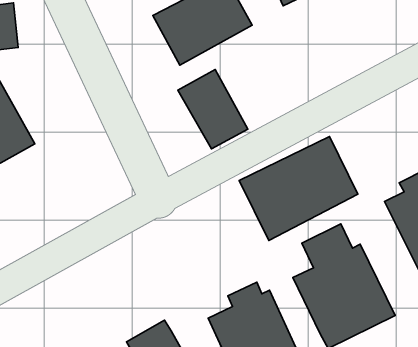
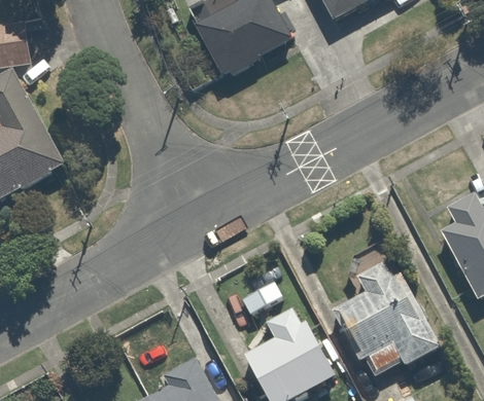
building: [178,70,248,149] -> none
building: [239,136,358,241] -> none

